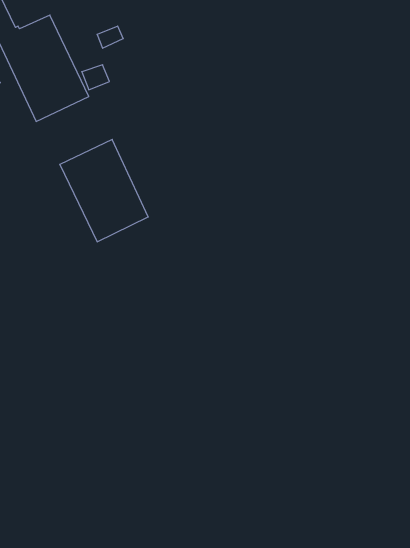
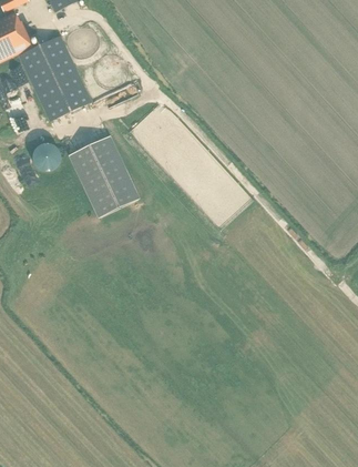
building: none -> [32,142,61,171]

